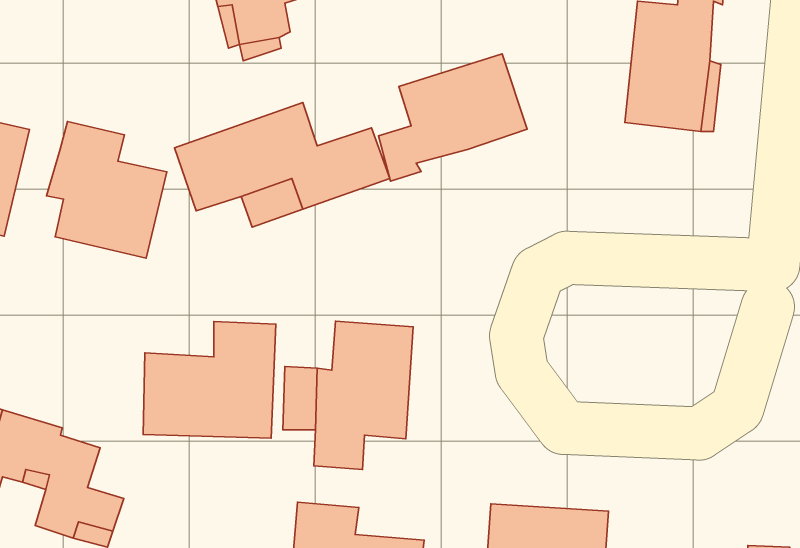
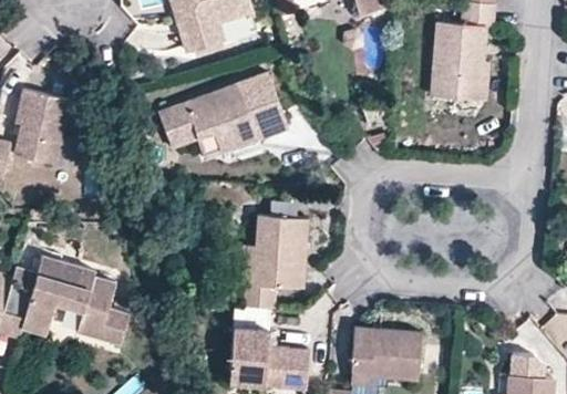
building: [379,54,527,181] -> none
building: none -> [237,70,279,107]
building: [46,122,167,258] -> none
building: [143,322,276,438] -> none

